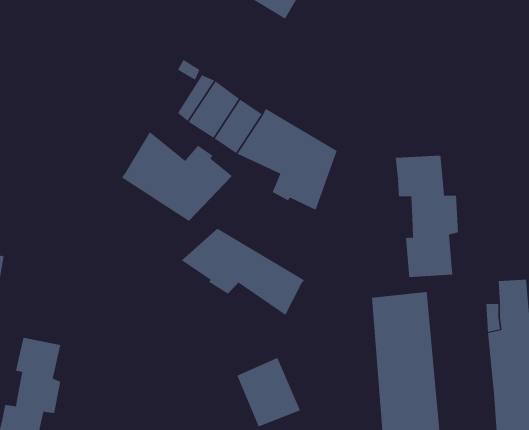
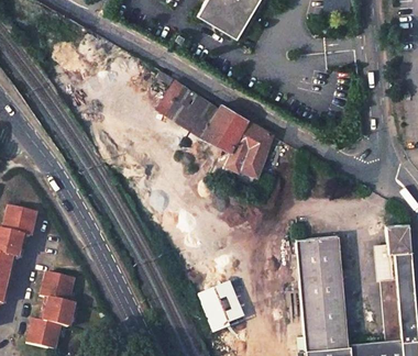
building: [121,131,233,222] -> none
building: [395,155,459,278] -> none
building: [181,228,305,316] -> none

